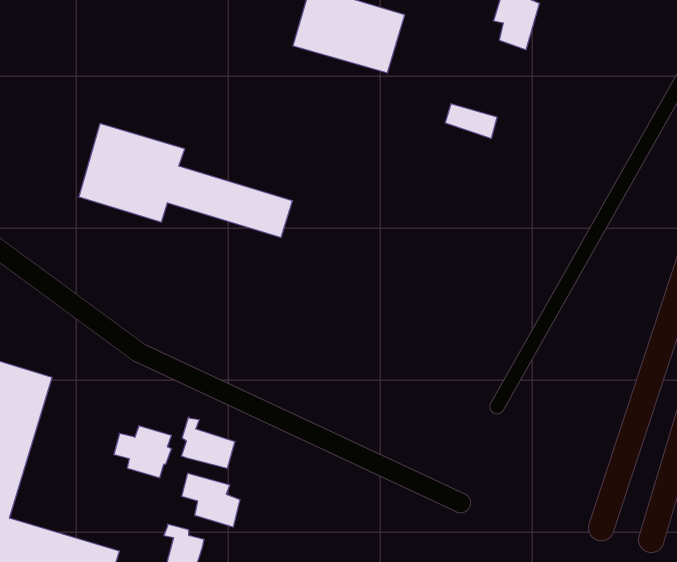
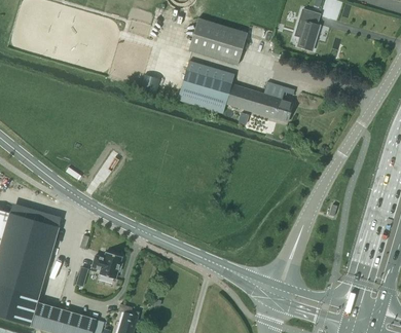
building: [79,124,293,237] -> [178,62,292,122]
building: [182,417,235,468] -> none
building: [182,473,240,527] -> none

